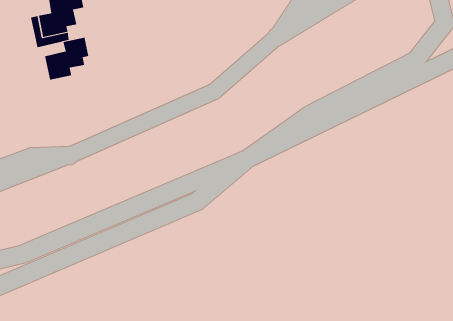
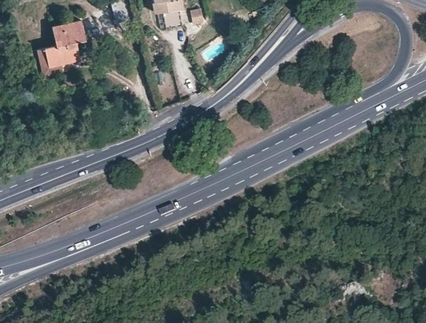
building: [45,37,89,81] -> none

